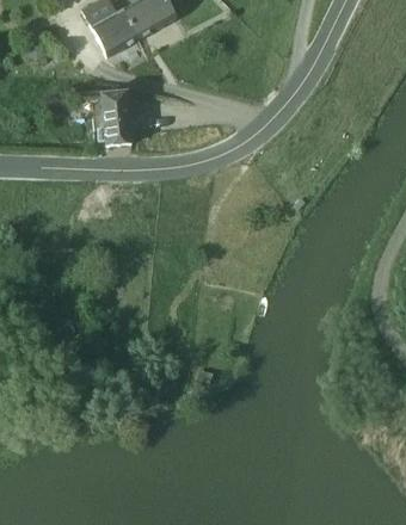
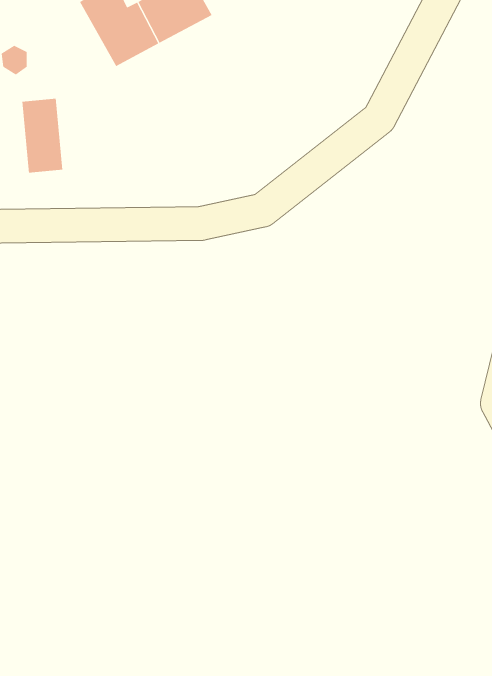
building: [102,88,131,142] -> [22,98,63,173]

